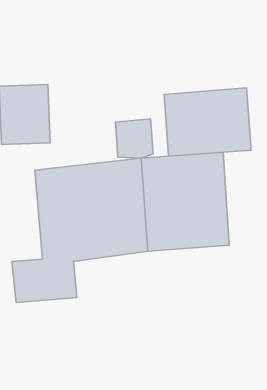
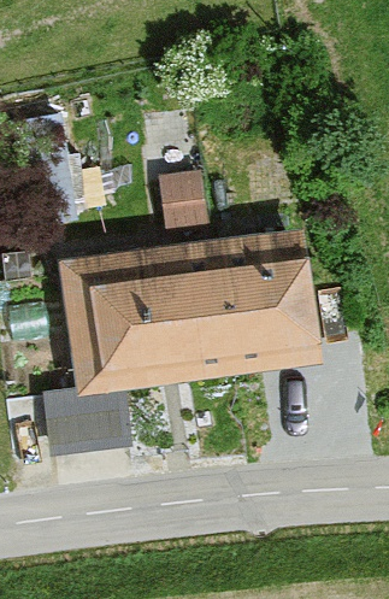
building: [164,88,251,156] -> none

